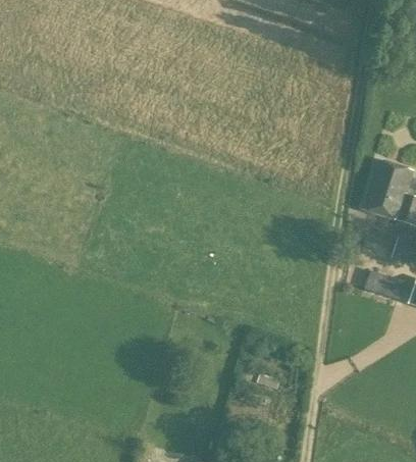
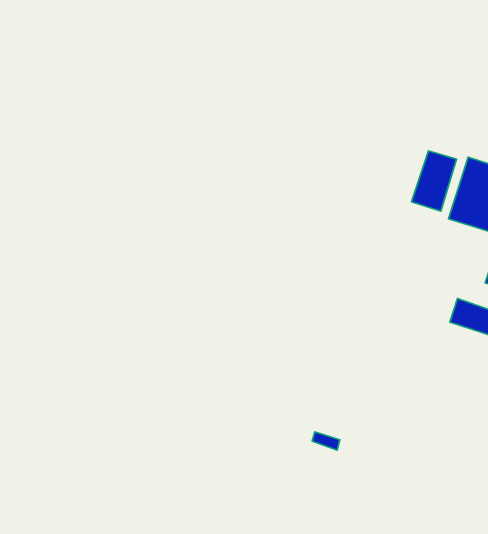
building: none -> [412,151,456,211]

